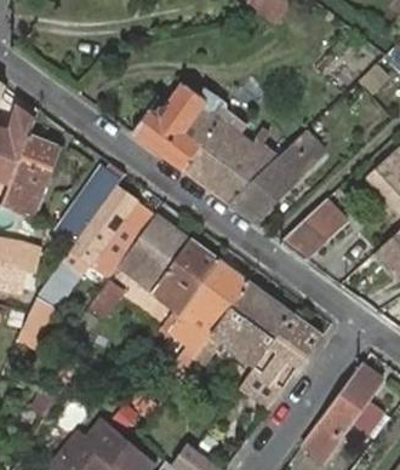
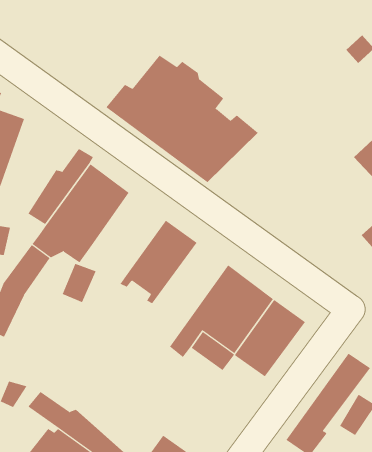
building: [228,132,321,220] -> none
building: [281,199,344,259] -> none
building: [119,213,188,287] -> none
building: [166,260,247,380] -> none

